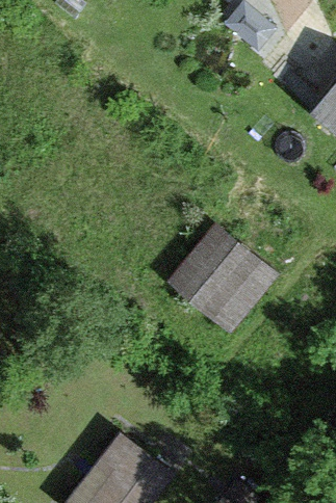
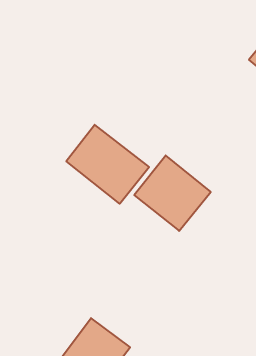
building: none -> [66,125,149,204]

